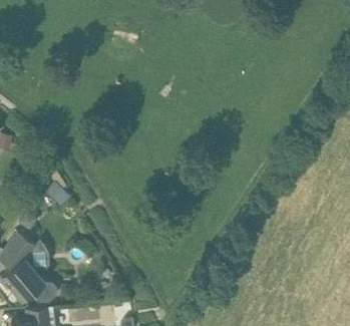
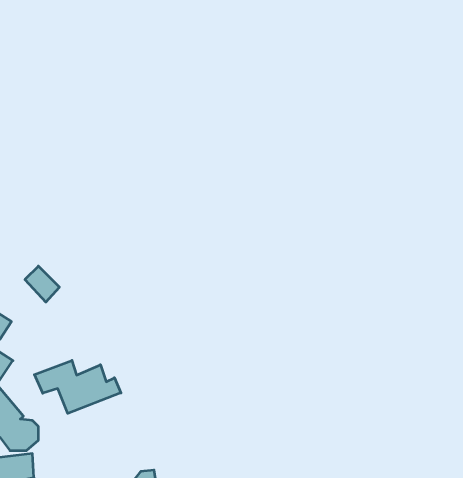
building: none -> [34,360,121,413]

